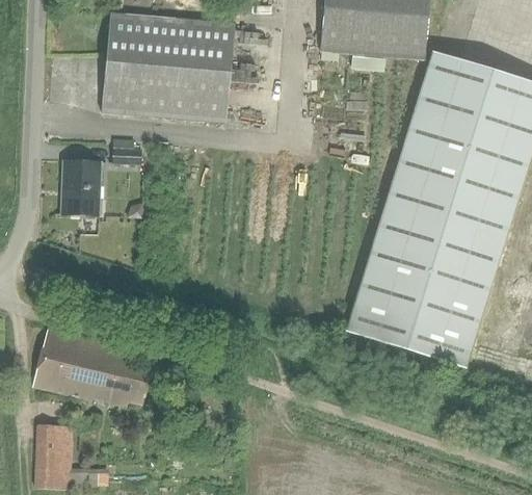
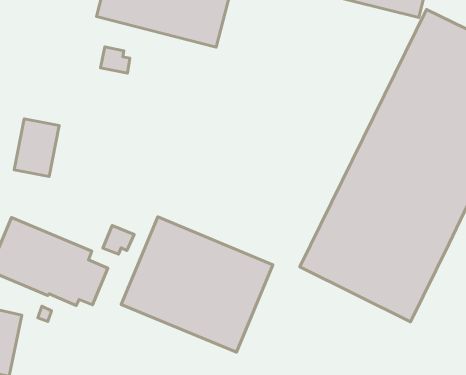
building: [62,160,101,214] -> [14,119,59,176]
building: none -> [121,217,273,352]
building: none -> [103,225,134,254]

